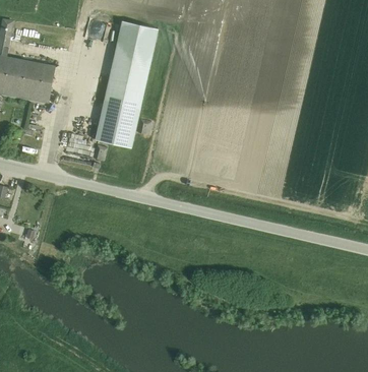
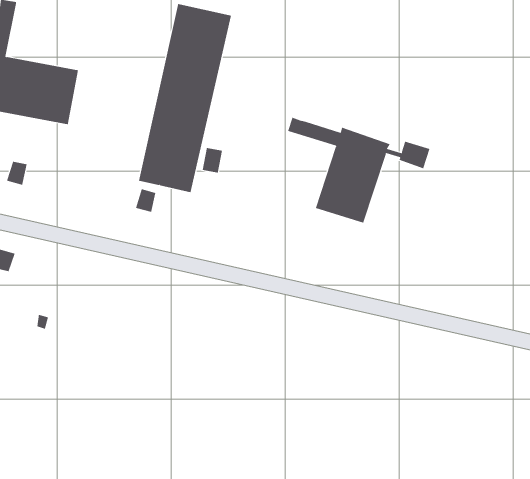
building: none -> [288,117,430,224]

